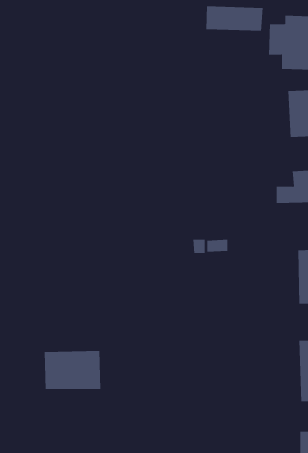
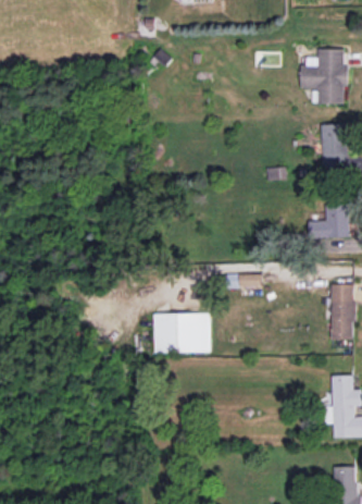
building: [206,6,263,32] -> none
building: [44,351,101,390] -> [153,314,211,353]

